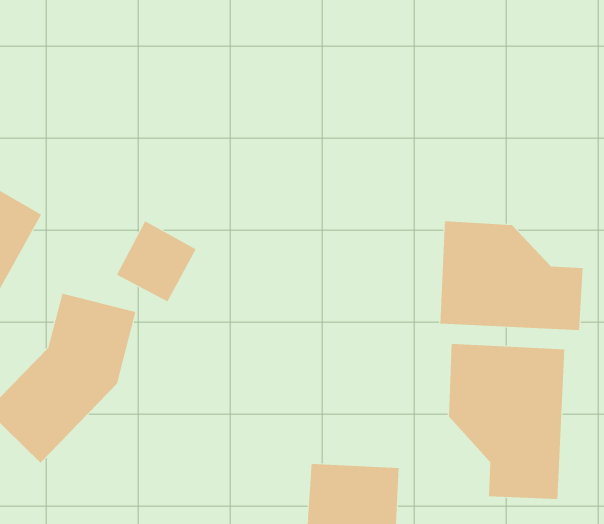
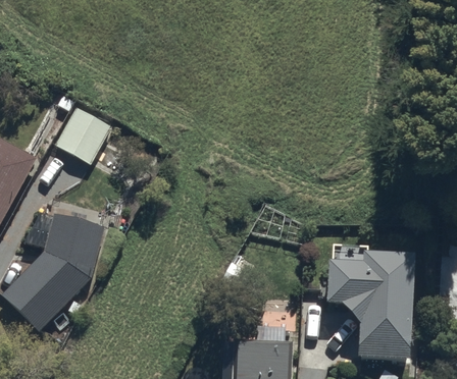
building: [116,221,196,302] -> [55,107,112,165]
building: [440,221,583,331] -> none

